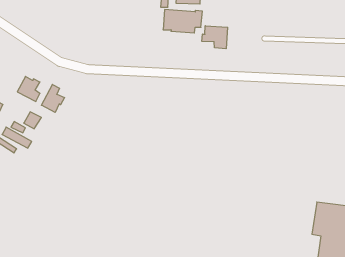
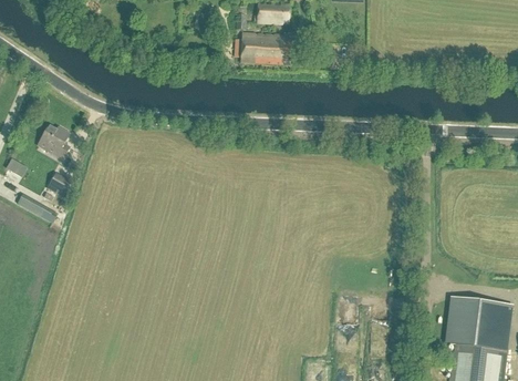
building: [202,26,228,49] -> none
building: [41,84,65,112] -> none

